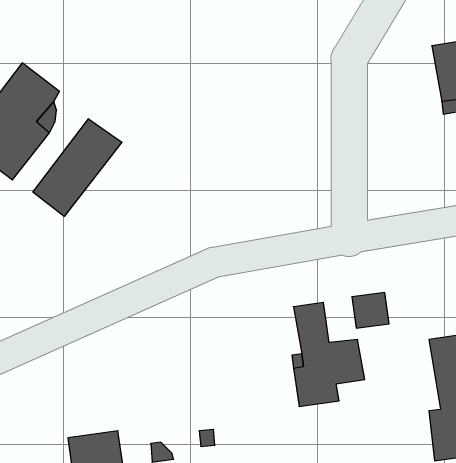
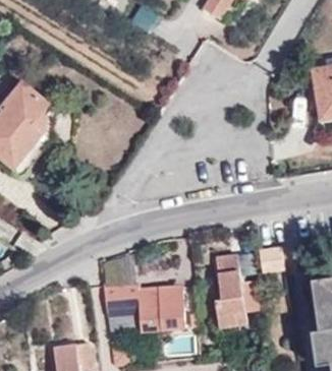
building: [33,119,122,216] -> none
building: none -> [105,285,183,329]

